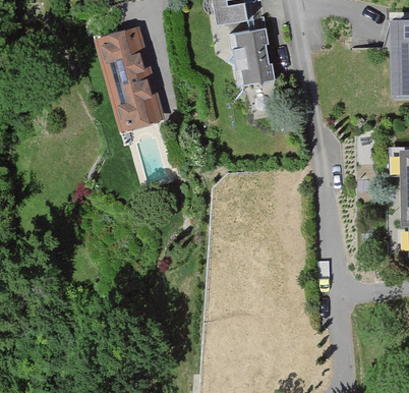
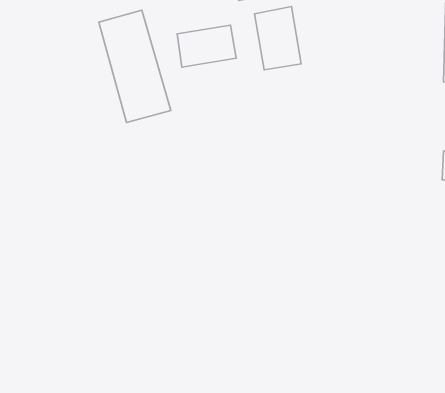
building: none -> [177,25,236,67]

